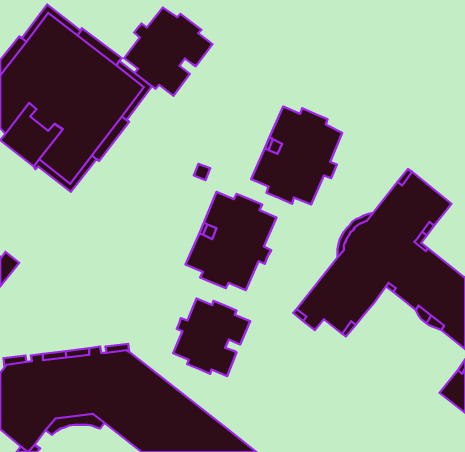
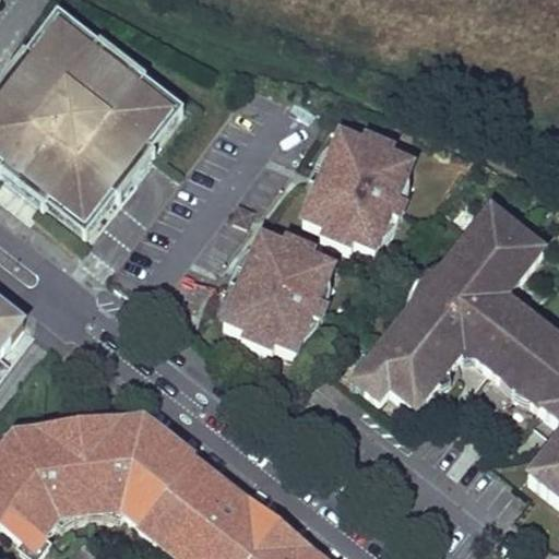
building: [124,7,212,96] -> none
building: [173,298,250,376] -> none

